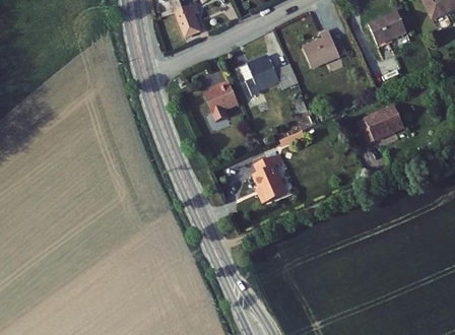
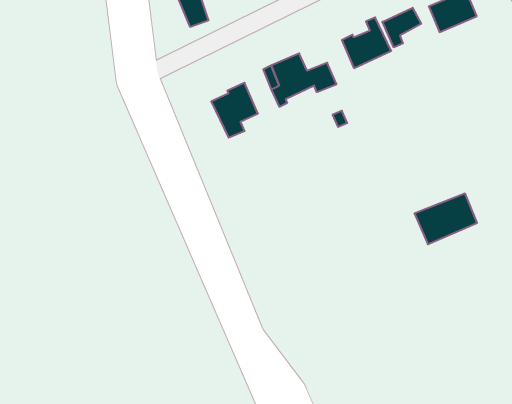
building: none -> [382,8,421,47]
building: [354,106,402,144] -> [414,194,477,244]
building: [253,152,285,201] -> none

